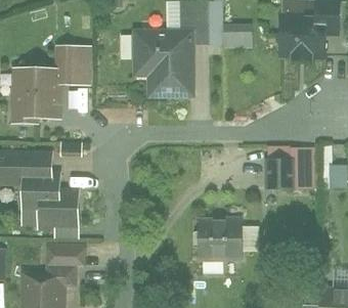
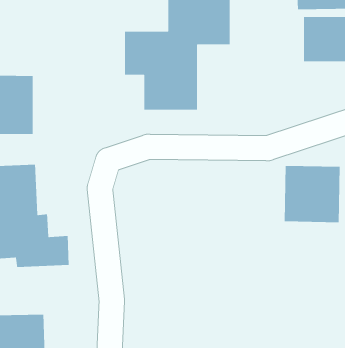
building: [224,26,256,50] -> none
building: [59,46,92,91] -> none
building: [198,211,253,262] -> none
building: [48,236,92,260] -> none

